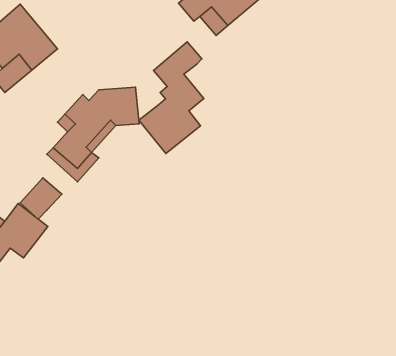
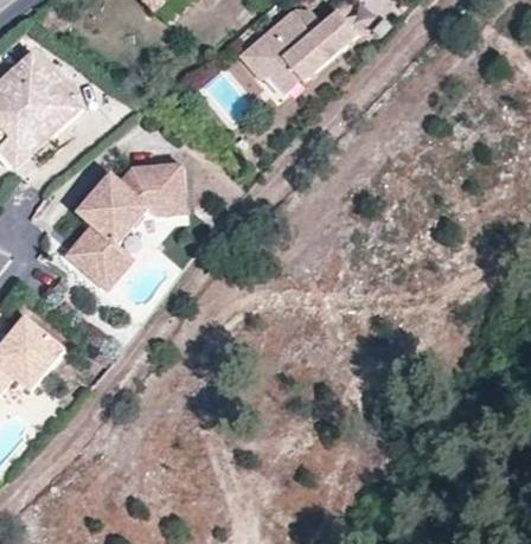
building: [139,42,204,153] -> none
building: [20,178,62,219] -> none

